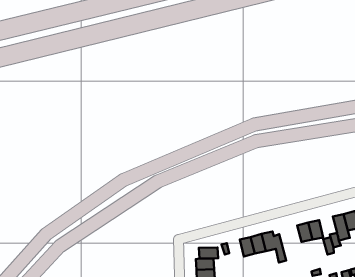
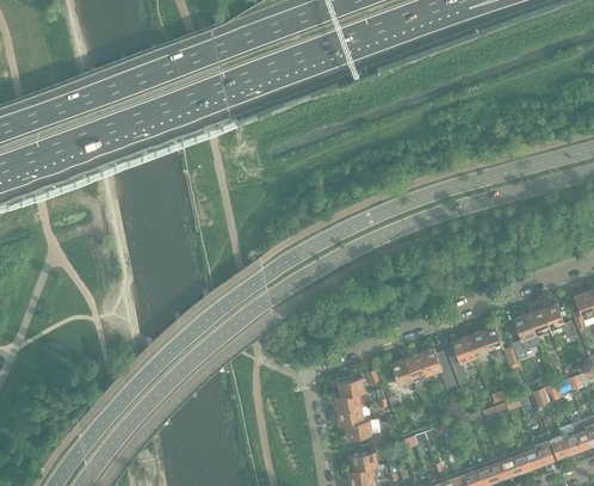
building: none -> [445,337,474,385]

